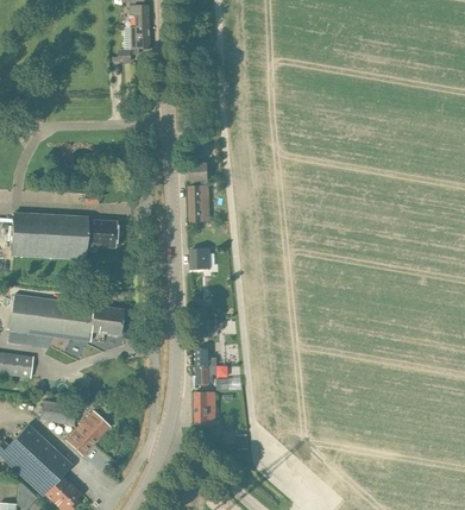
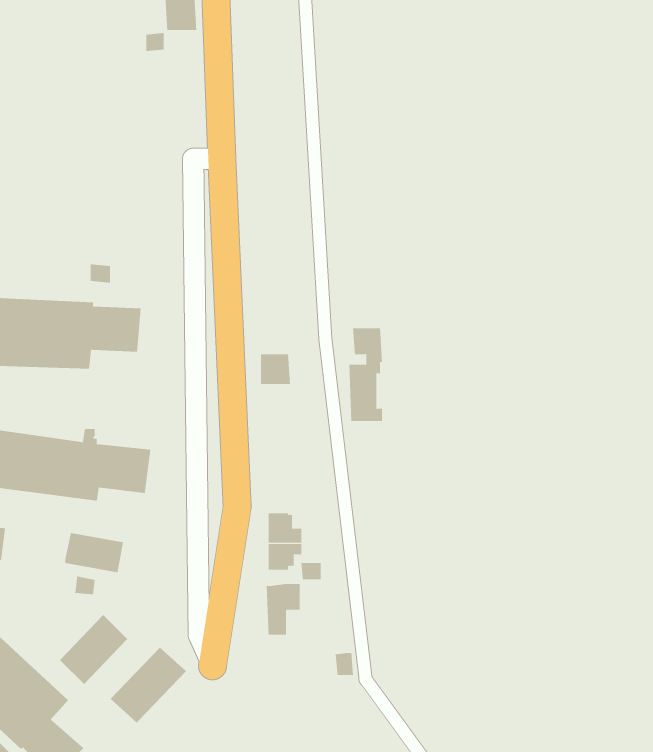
building: [188,163,209,221] -> [348,328,383,422]
building: [40,399,77,424] -> [65,533,124,573]
building: none -> [110,647,187,723]

